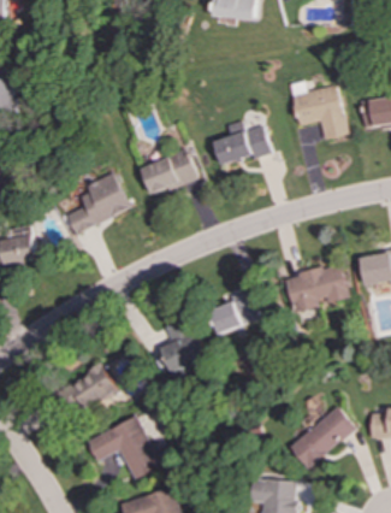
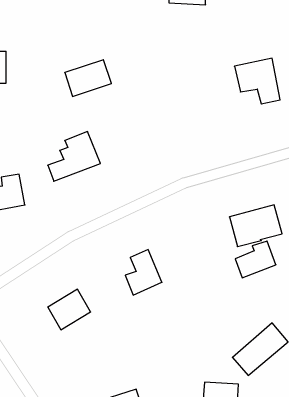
building: [213,122,269,166] -> none
building: [140,151,196,195] -> [65,60,111,96]
building: [209,290,259,335] -> [235,241,276,278]
building: [85,417,176,479] -> none

